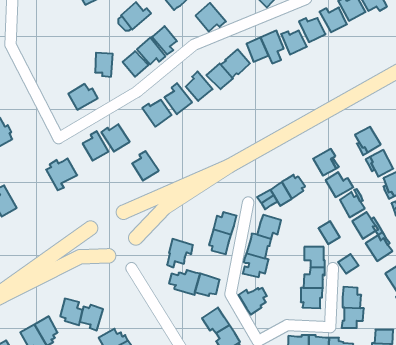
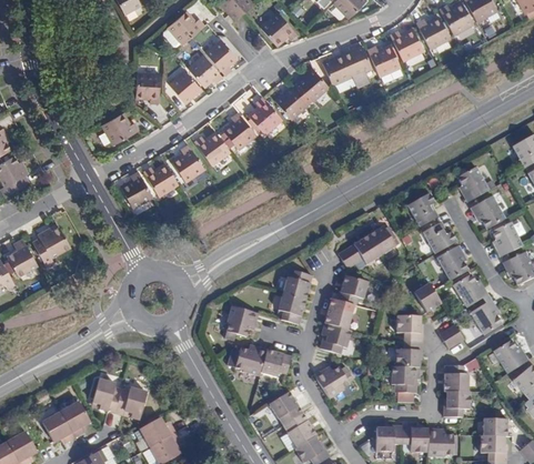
building: [132,151,159,181] -> [170,144,203,181]
building: [46,158,77,190] -> [31,226,70,266]

